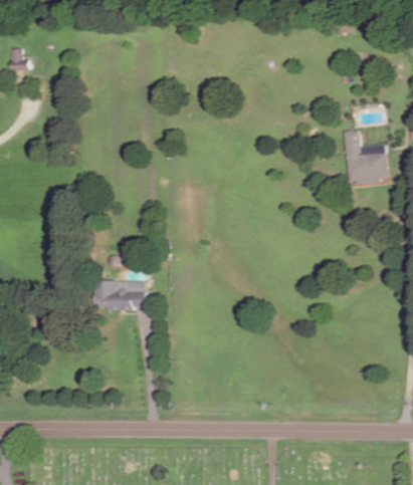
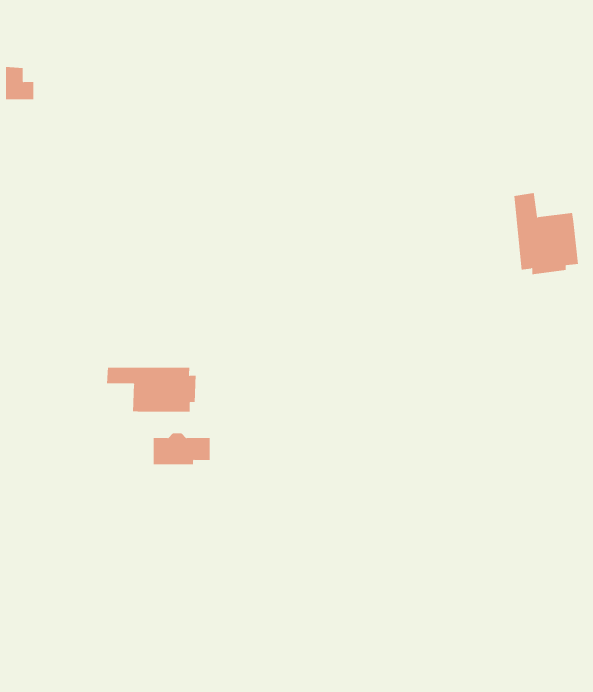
building: none -> [107,367,196,412]

